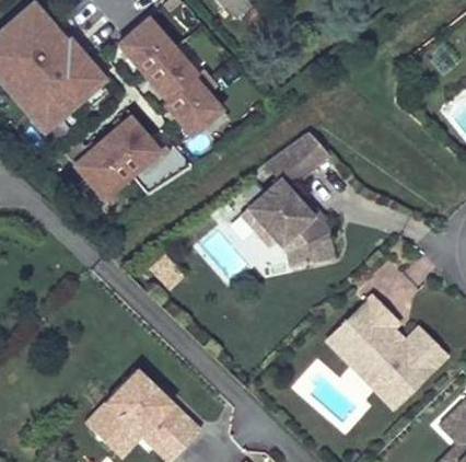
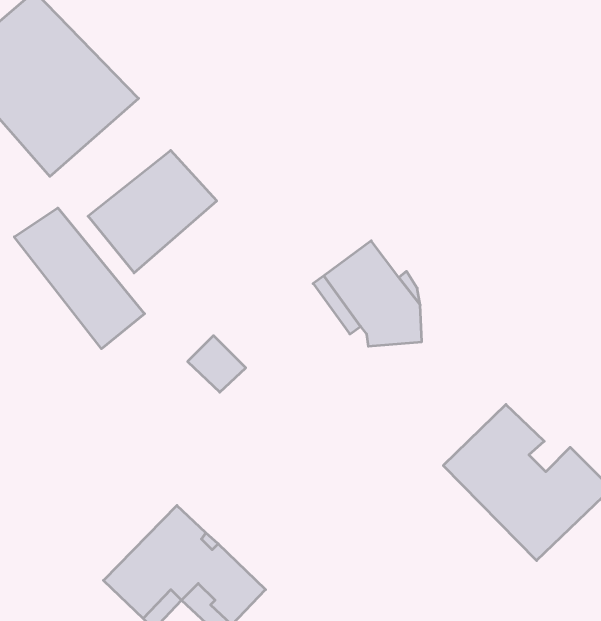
building: [112,15,222,141] -> none
building: [264,129,329,180] -> none
building: none -> [14,208,145,349]

